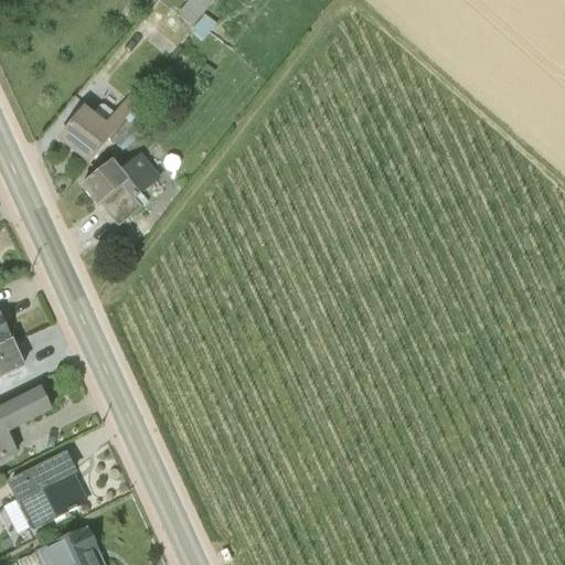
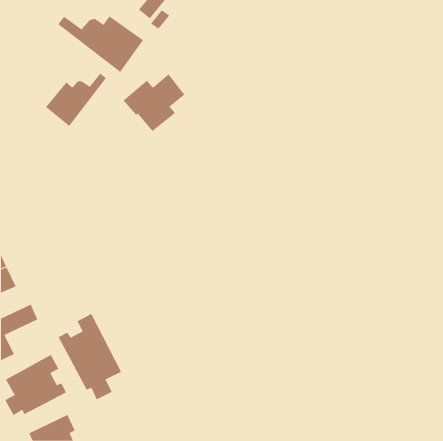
building: none -> [57,15,144,73]
building: [82,149,161,223] -> [123,74,185,132]
building: none -> [58,313,122,400]

